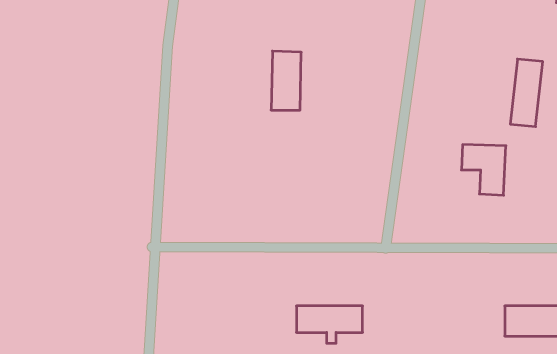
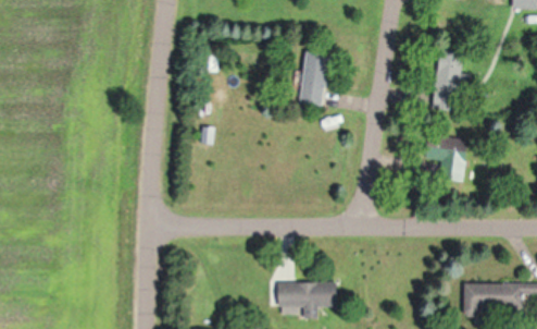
building: [271,51,301,110] -> [301,52,328,106]
building: [510,59,543,127] -> [433,51,462,112]

